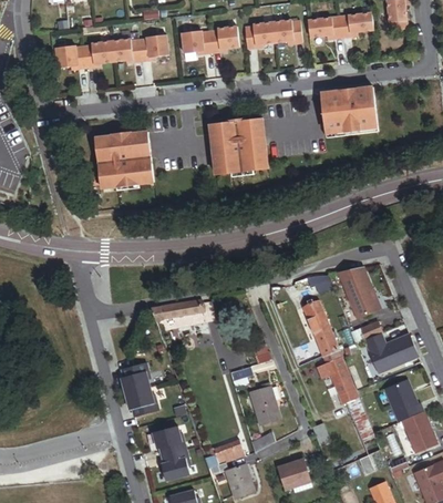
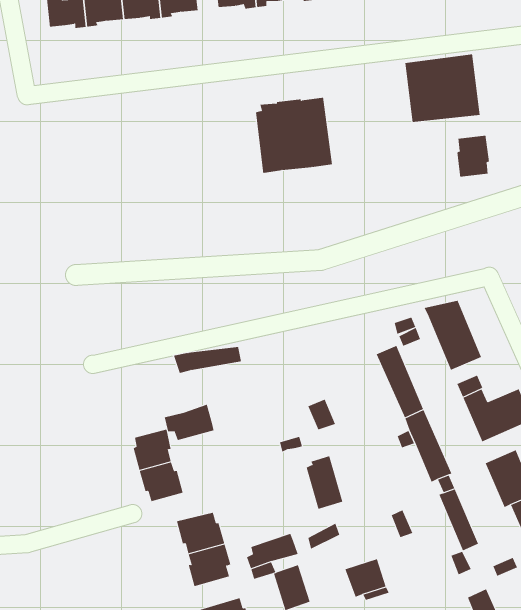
building: [92,132,155,188] -> none
building: none -> [457,135,489,178]
building: none -> [164,404,214,441]

